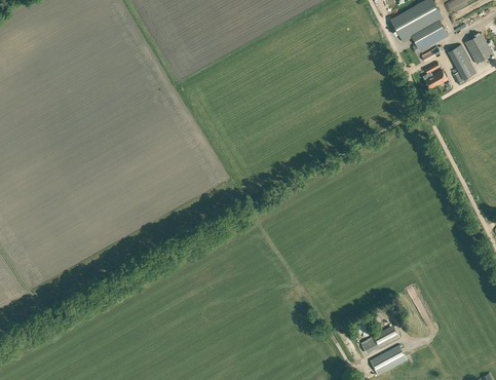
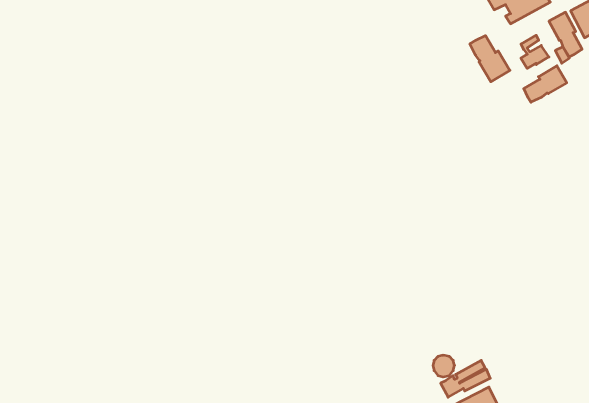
building: none -> [470,36,510,82]
building: none -> [524,66,567,102]

